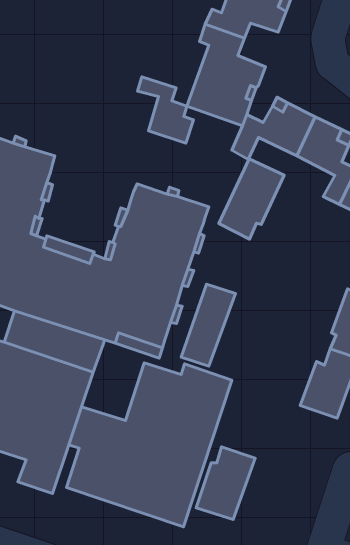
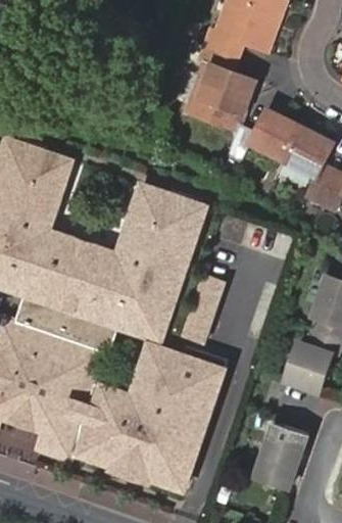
building: [138,77,193,143] -> none
building: [219,159,284,239] -> none
building: [196,447,255,520] -> [255,423,307,487]

